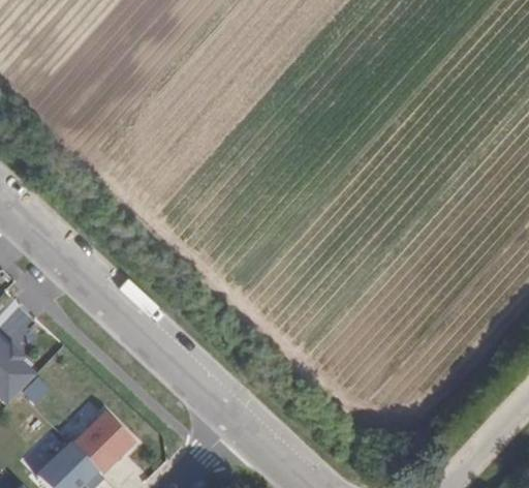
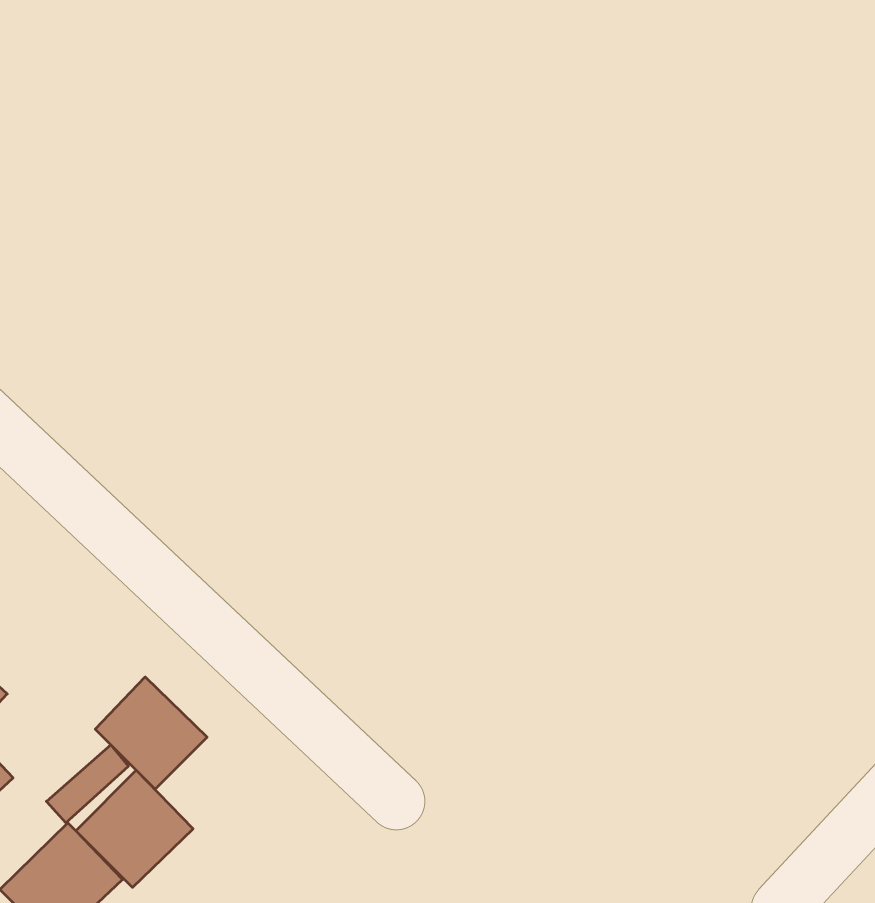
building: none -> [95,677,207,789]

